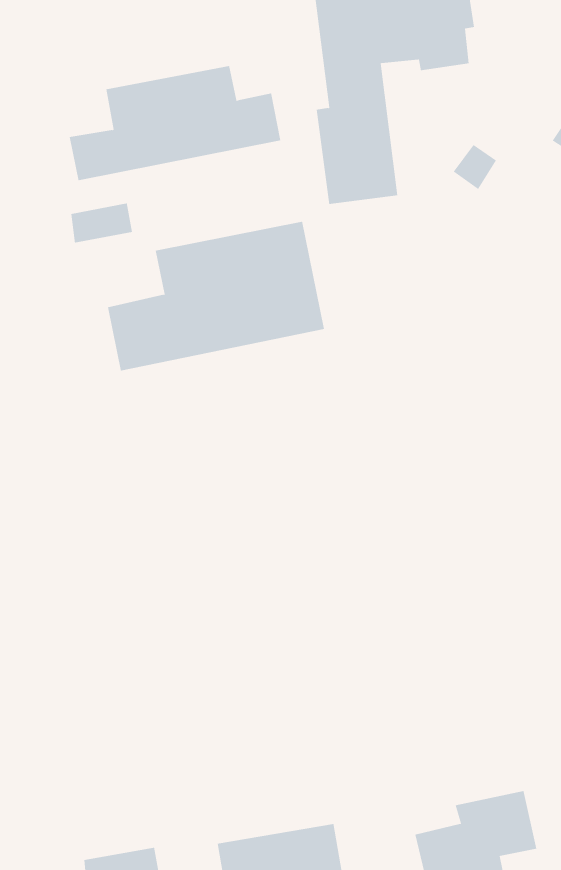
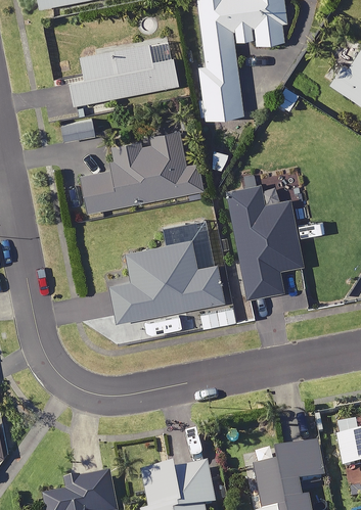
building: none -> [229,188,301,297]
building: none -> [110,242,222,323]

